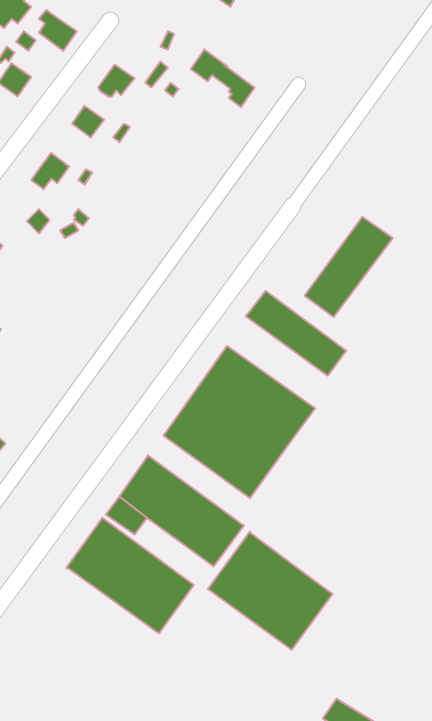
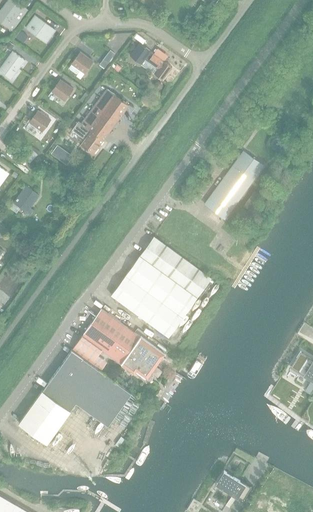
building: none -> [72,88,129,153]
building: none -> [10,186,39,212]
building: [246,291,346,376] -> none
building: [208,531,333,650] -> none
building: none -> [19,383,77,444]

